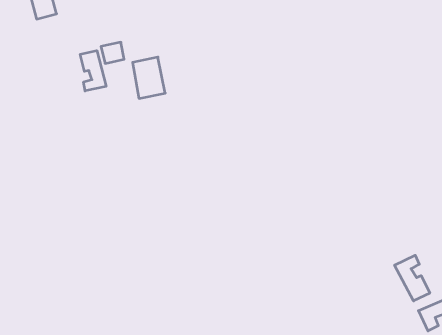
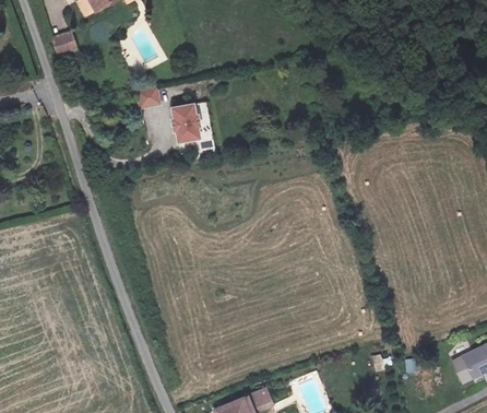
building: [80,51,106,91] -> none
building: [395,255,430,301] -> none

